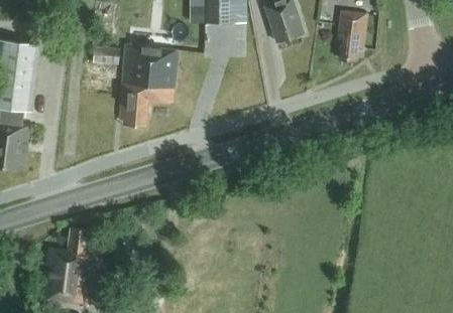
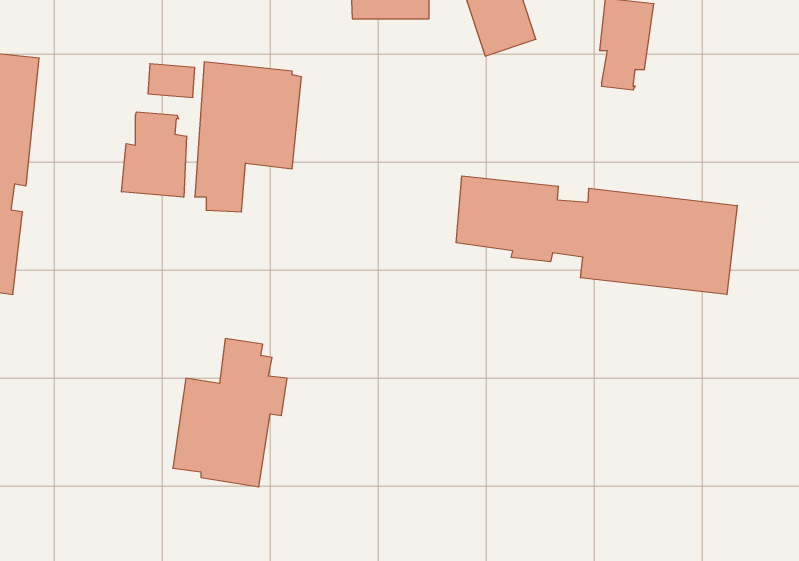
building: none -> [122,112,187,197]
building: none -> [456,176,737,295]
building: [42,225,104,305] -> [173,339,287,487]

